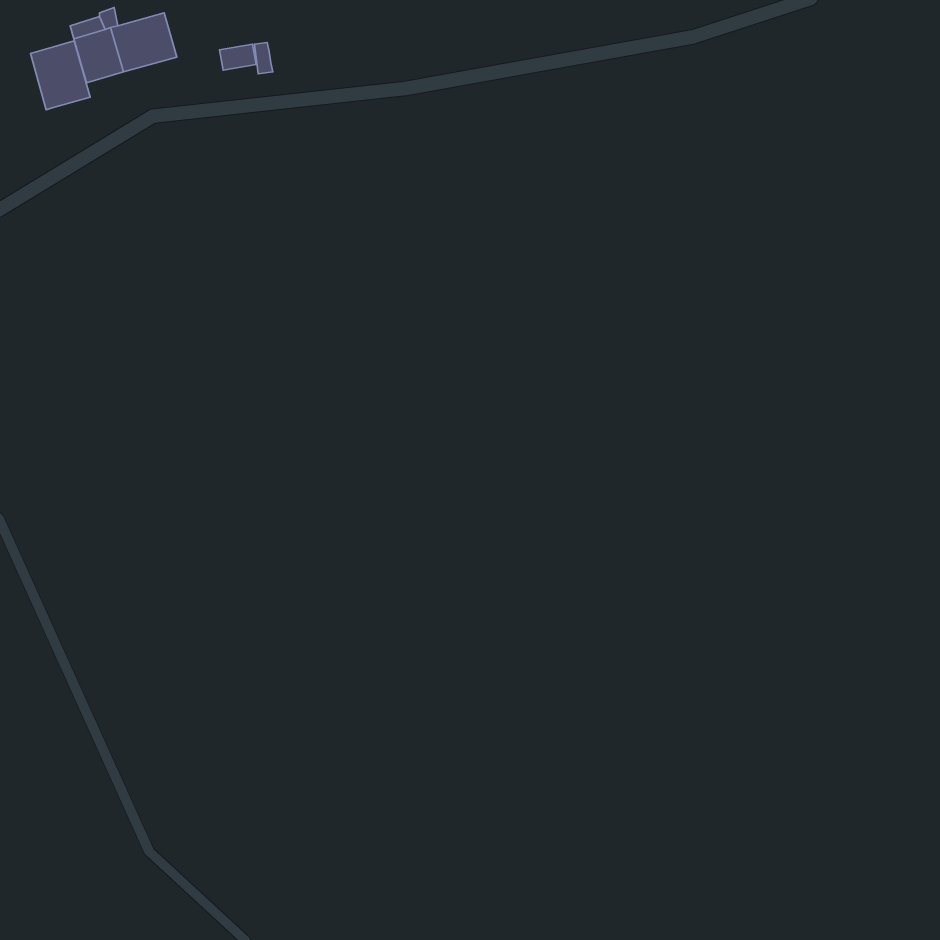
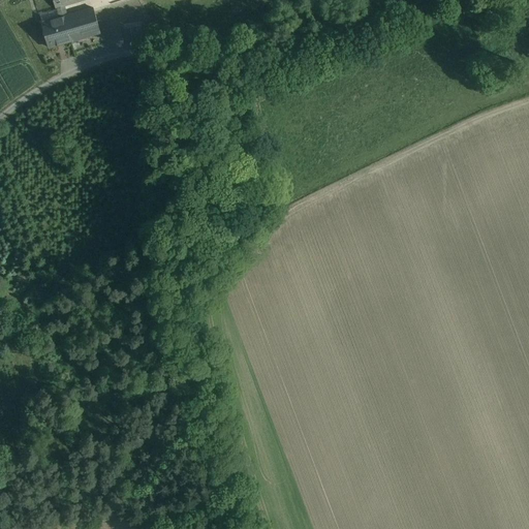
building: [30,41,90,110] -> none

